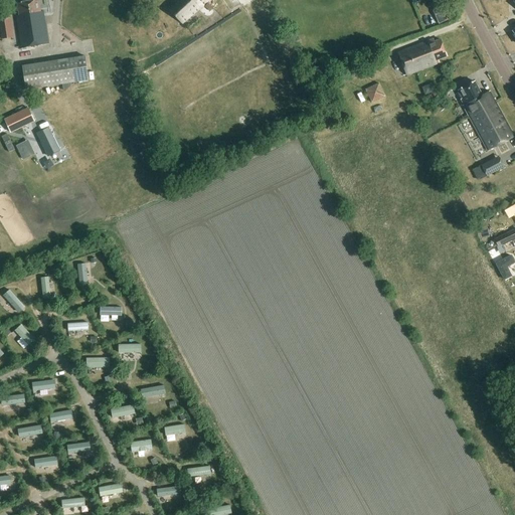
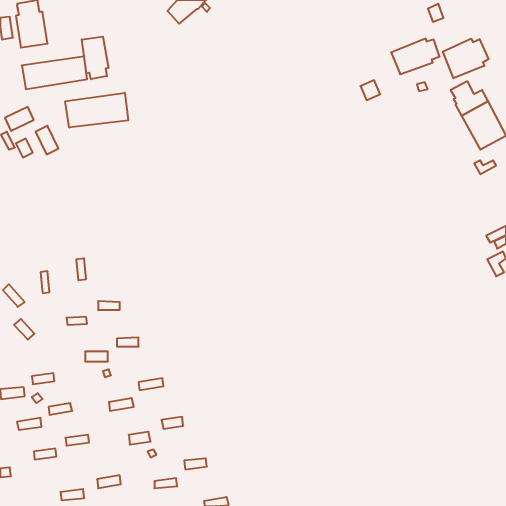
building: none -> [82,37,108,79]
building: none -> [443,39,488,78]
building: none -> [65,93,128,128]

